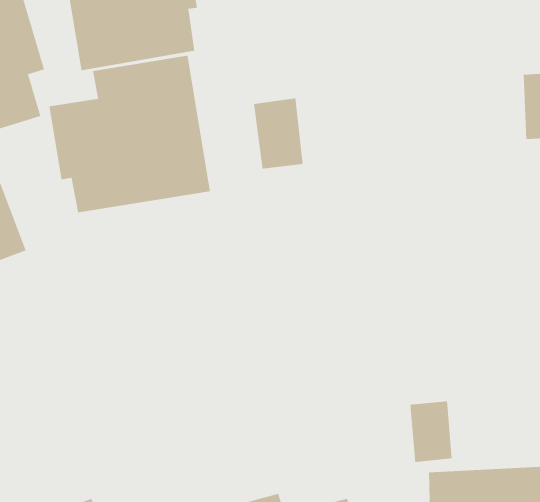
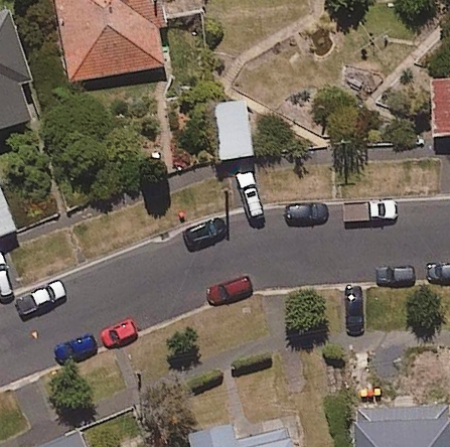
building: [49,55,211,213] -> none

